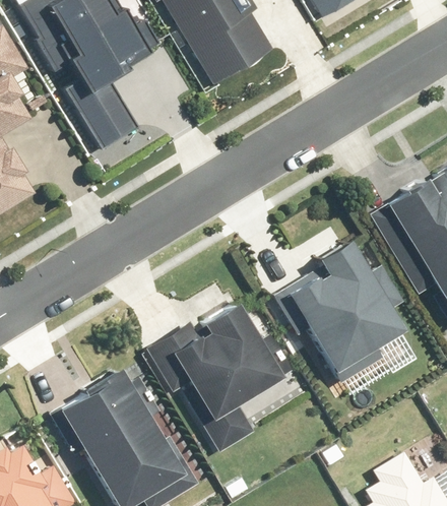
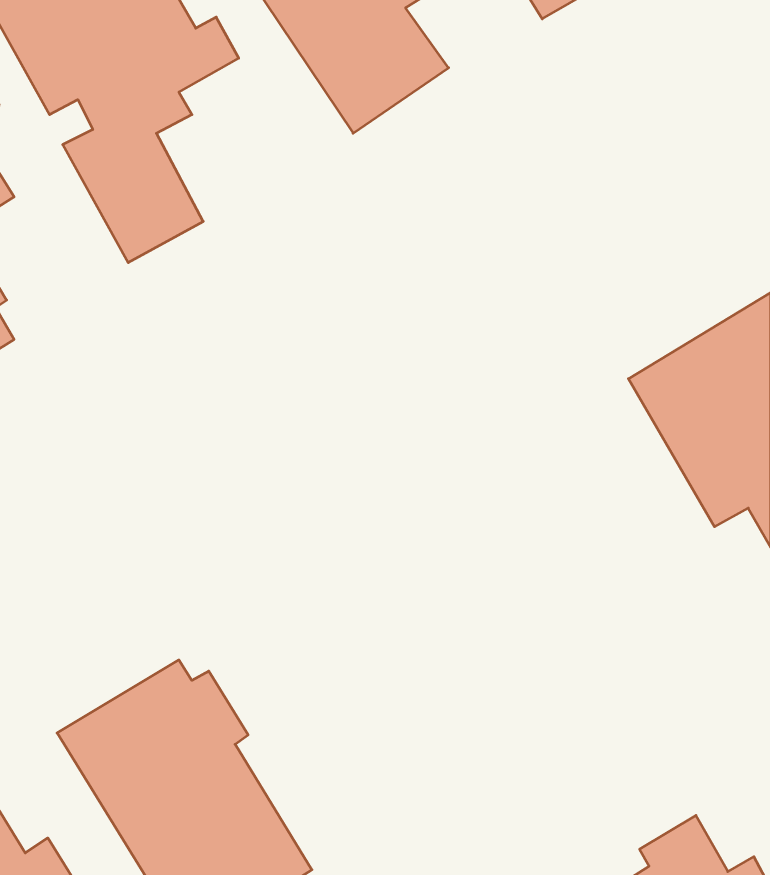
building: [284,242,400,383] -> none
building: [148,301,293,456] -> none

